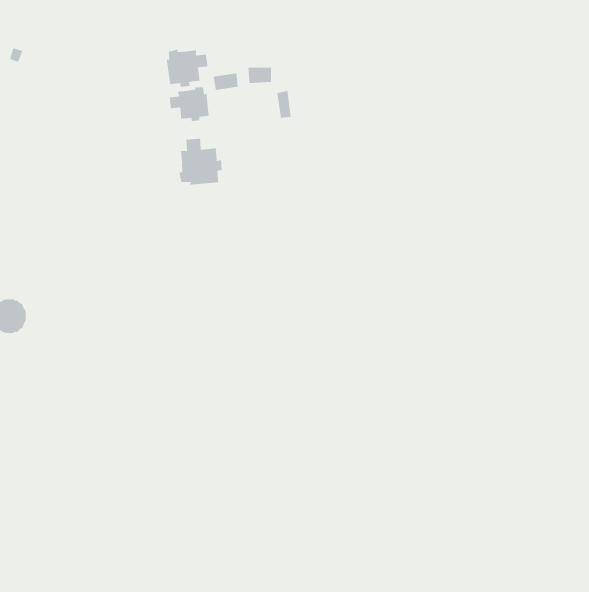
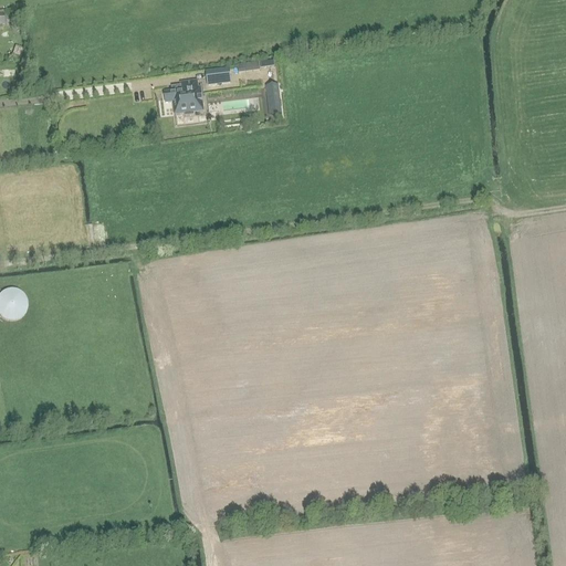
building: [166,49,208,88] -> none
building: [179,138,222,186] -> none

